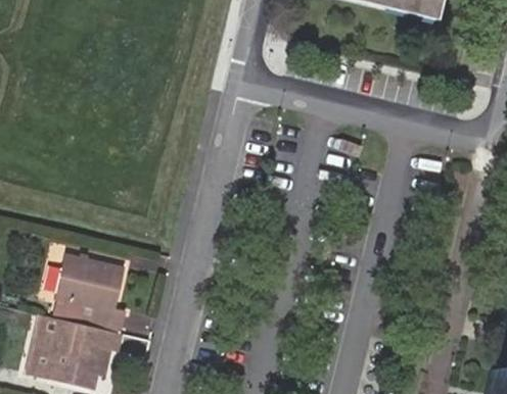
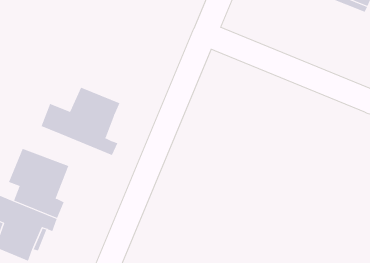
building: none -> [41,87,120,156]

